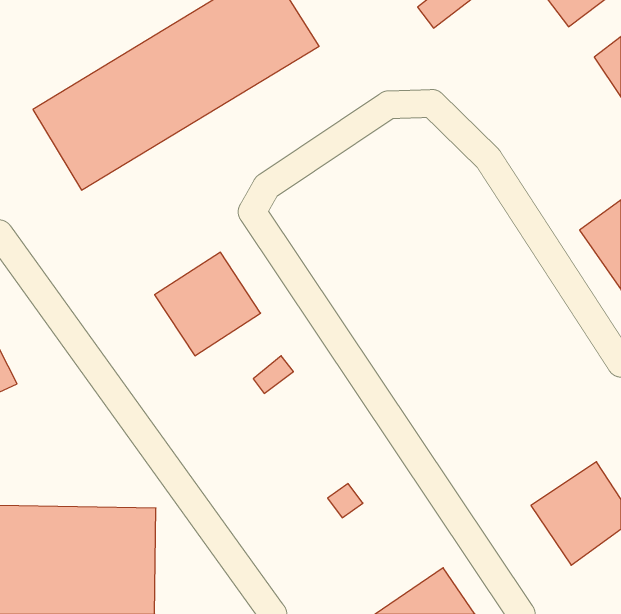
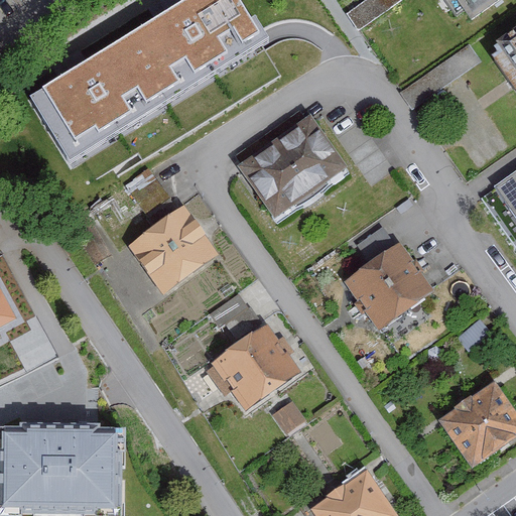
building: none -> [237,117,350,225]
building: none -> [345,244,431,330]
building: none -> [212,322,299,409]

